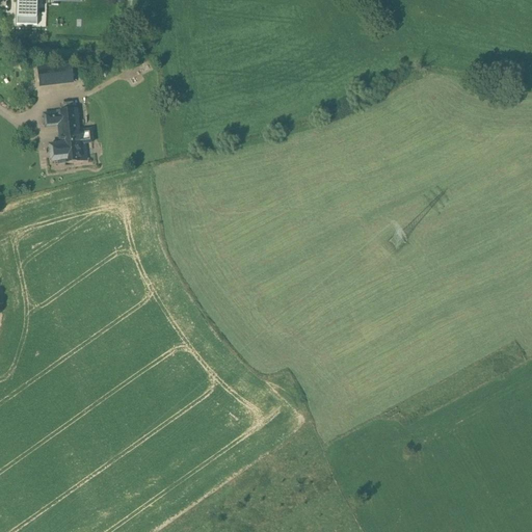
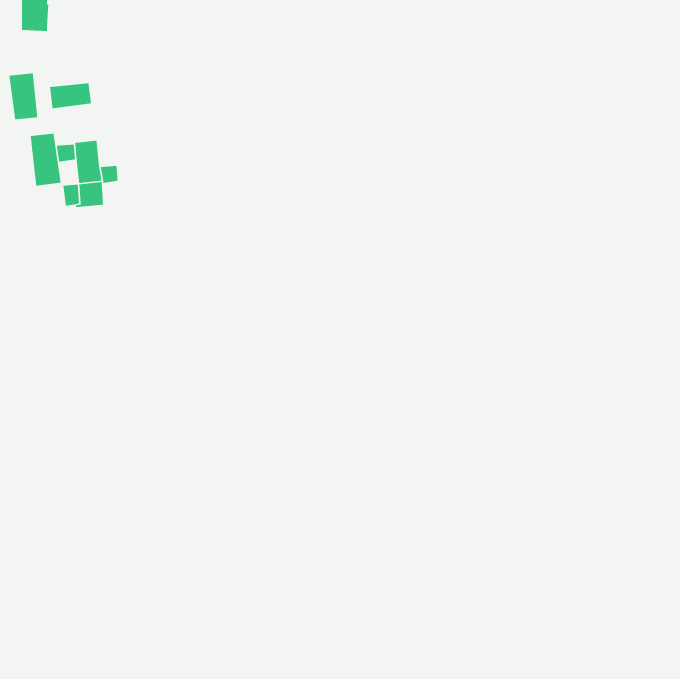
building: none -> [9,72,38,120]
building: none -> [30,133,61,186]

